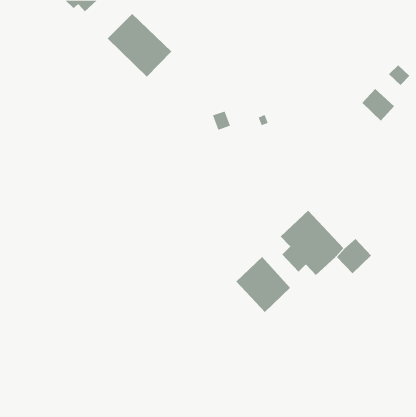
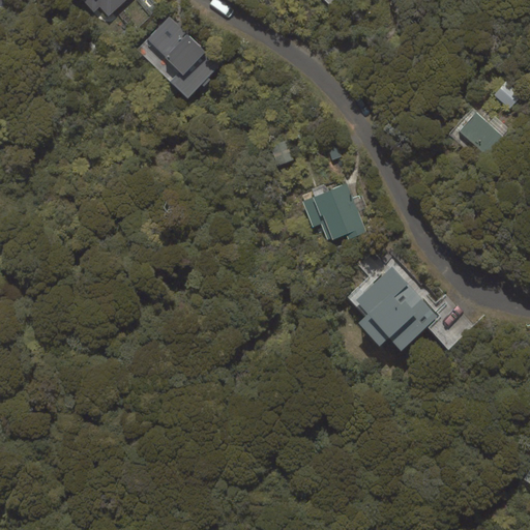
building: none -> [301,182,366,241]
building: [235,256,291,313] -> none

